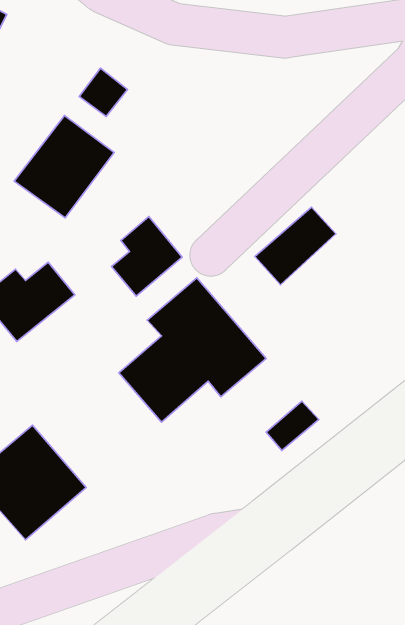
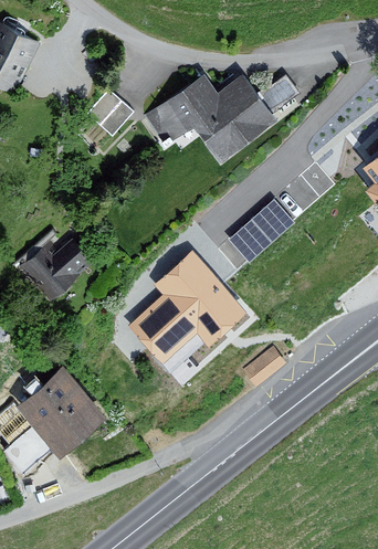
building: none -> [146,74,275,160]
building: [14,116,114,218] -> none
building: [111,217,182,296] -> none

